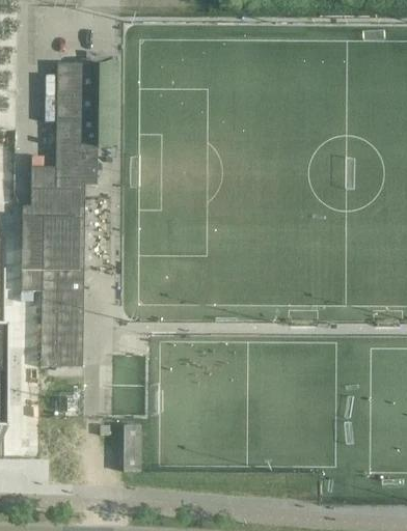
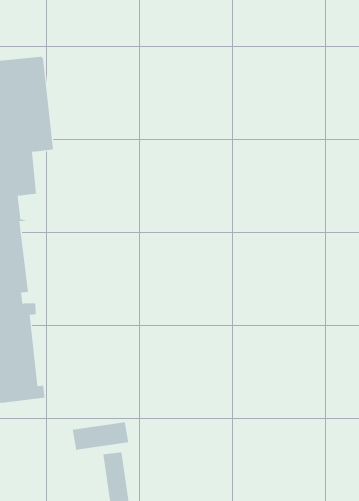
building: none -> [72,421,129,451]

